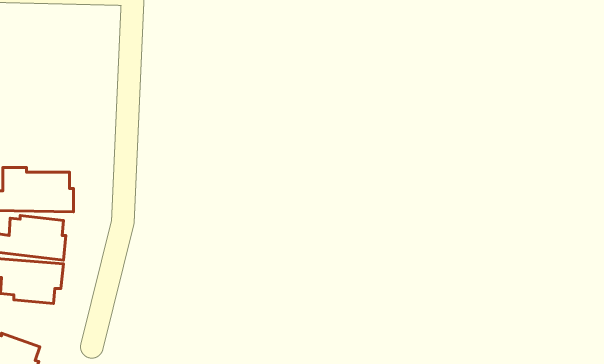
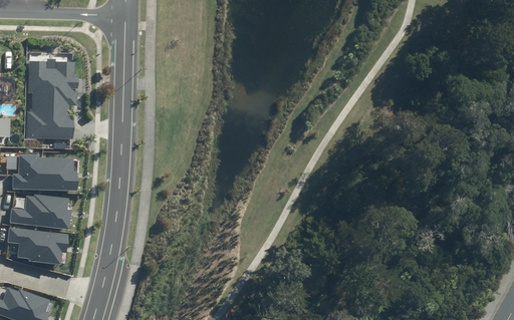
building: none -> [25,59,78,139]

